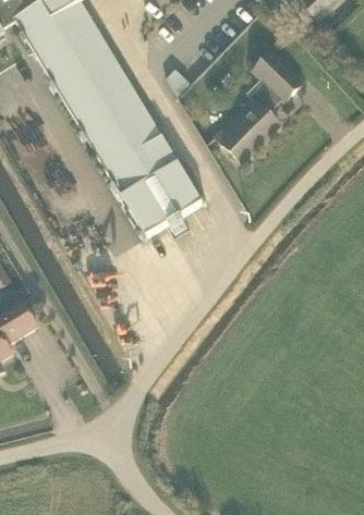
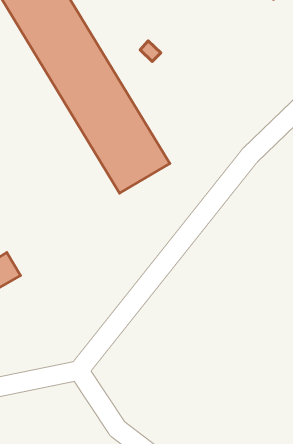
building: [215,50,302,161] -> none

